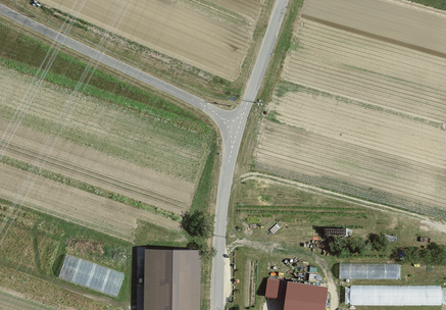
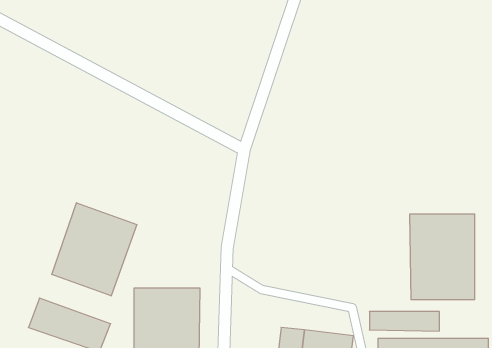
building: none -> [52,203,137,296]
building: none -> [410,214,475,300]

